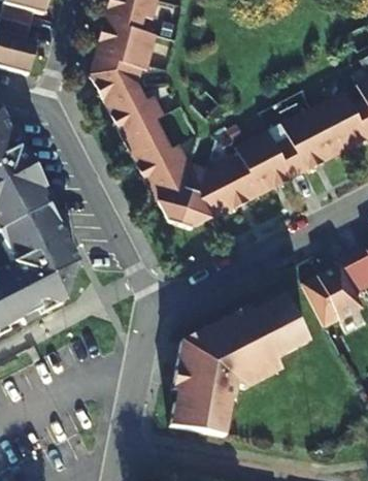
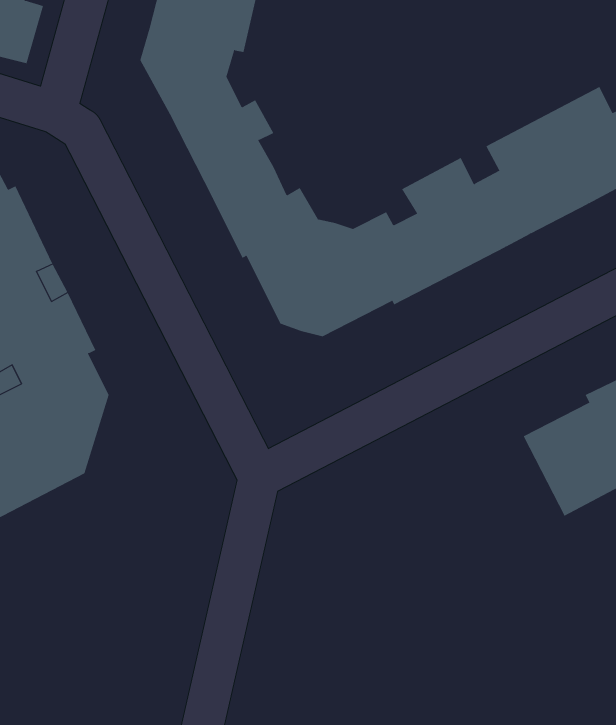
building: [169,292,307,434] -> none

